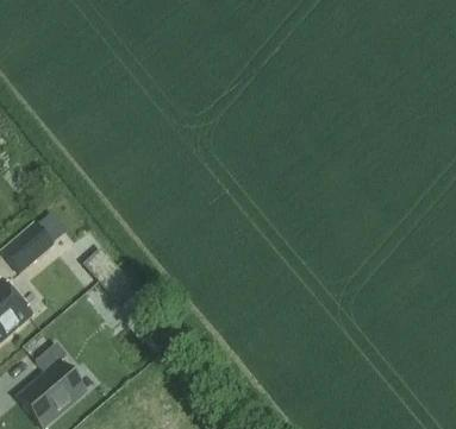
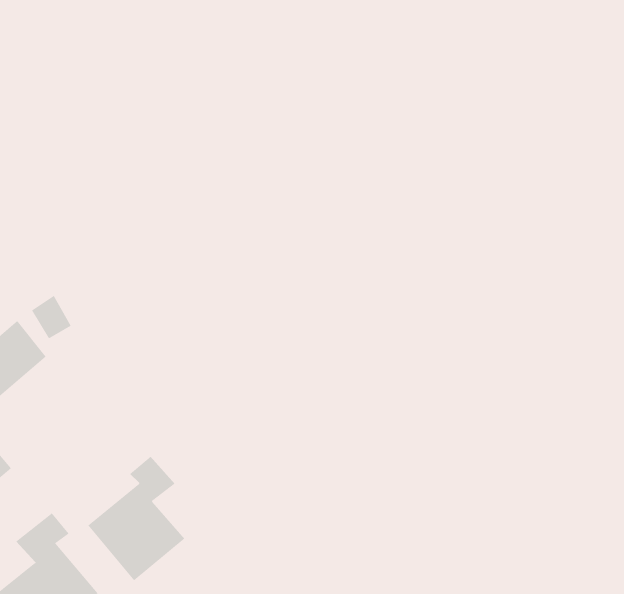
building: none -> [88,456,185,581]

